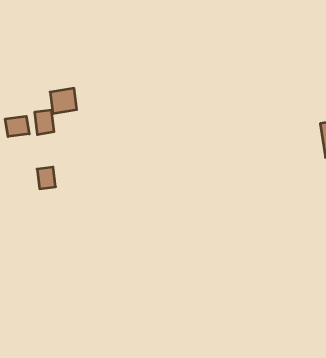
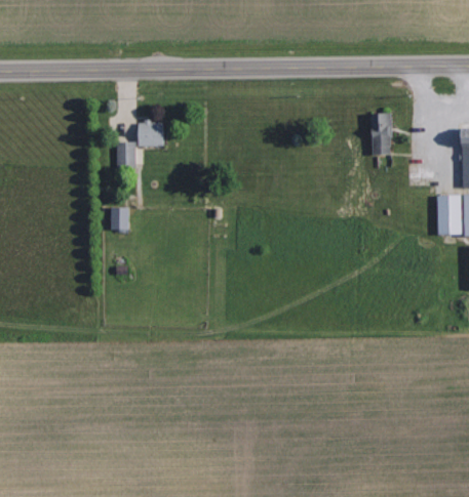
building: none -> [372,113,393,155]
building: [5,116,29,137] -> none

